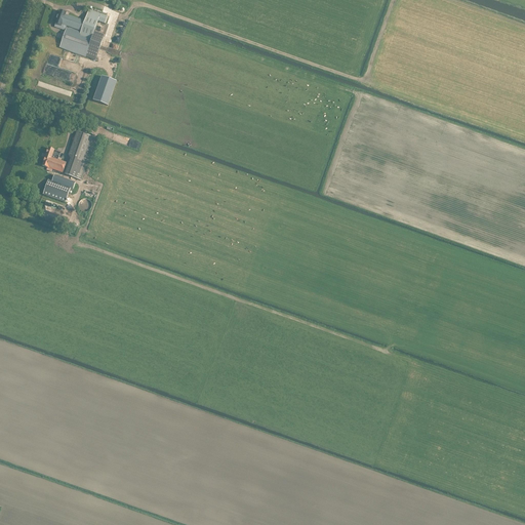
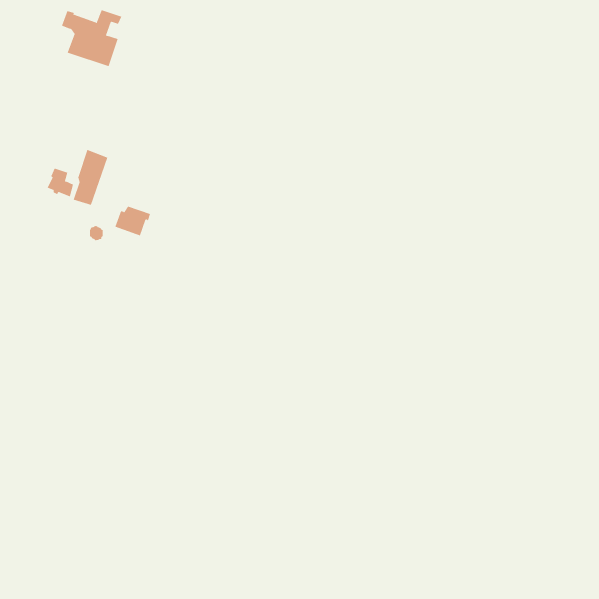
building: [92,75,115,105] -> none
building: [42,174,74,201] -> [115,206,151,236]

